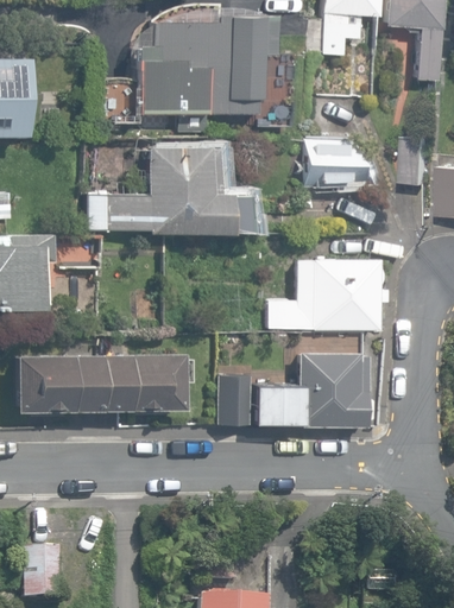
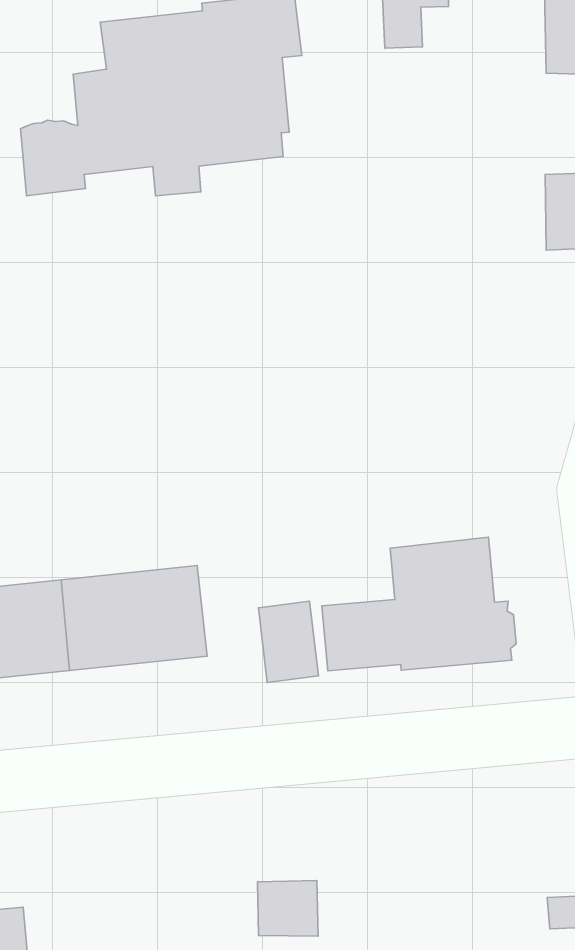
building: [308,140,371,185] -> none
building: [88,148,247,232] -> none
building: [271,259,386,330] -> none

